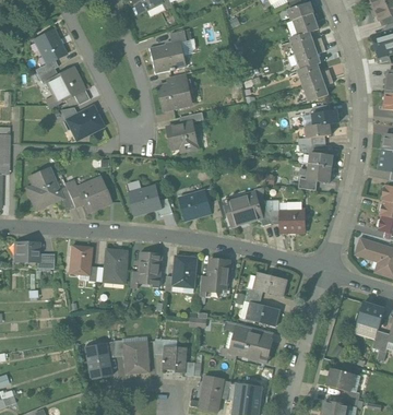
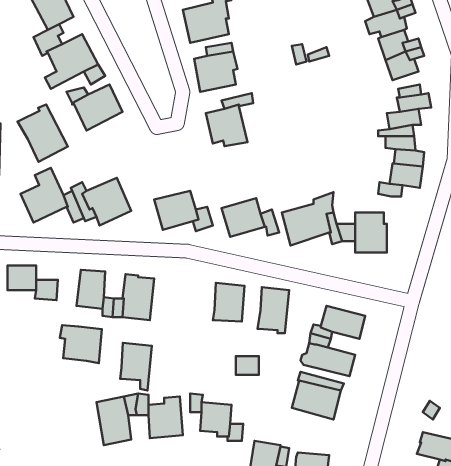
building: none -> [18,105,68,162]
building: [138,252,162,288] -> [120,343,152,390]
building: none -> [60,325,102,363]

